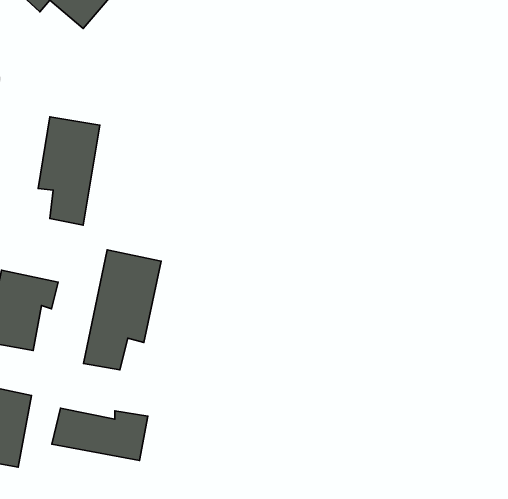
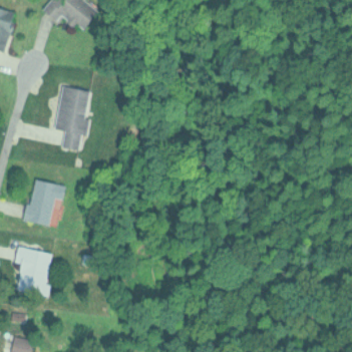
building: [83,250,161,370] -> none
building: [52,408,148,461] -> none

